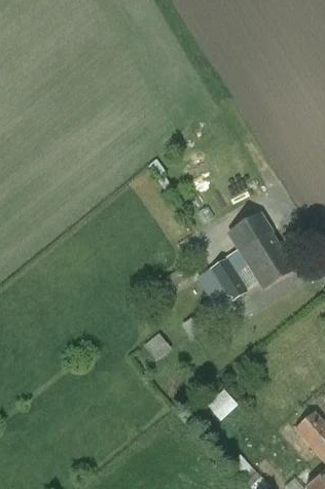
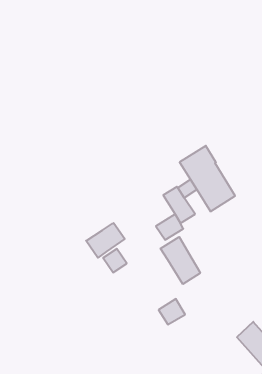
building: none -> [86,223,125,258]
building: none -> [161,237,200,284]

